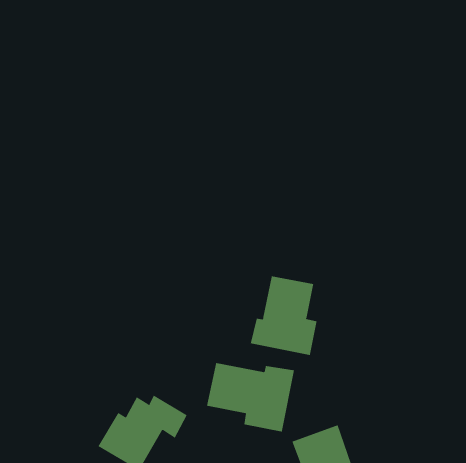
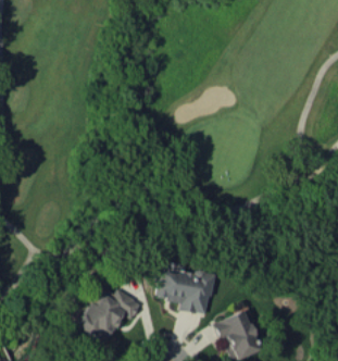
building: [250,276,317,356] -> none

